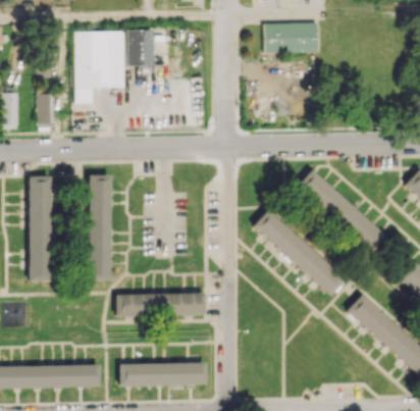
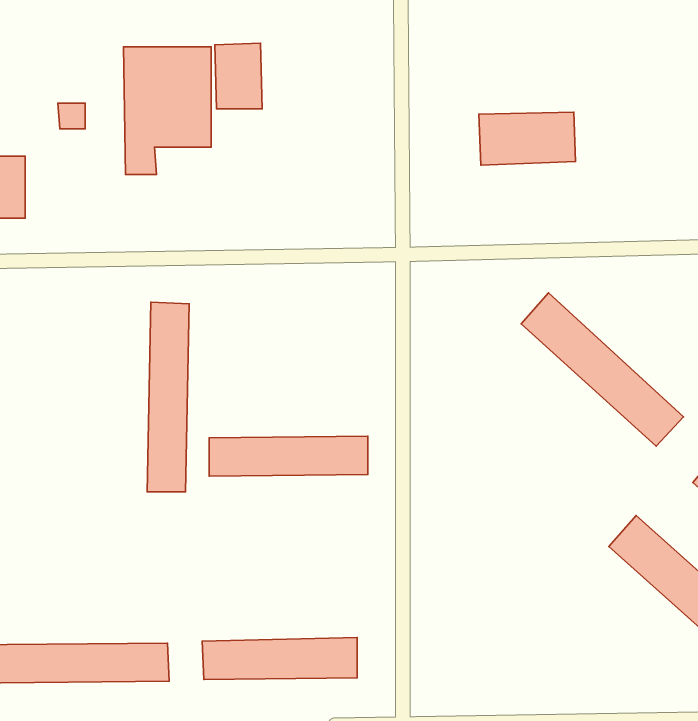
building: [264,22,318,52] -> [479,112,576,165]
building: [37,93,56,126] -> none
building: [29,175,52,281] -> none
building: [252,210,345,296] -> none
building: [116,294,205,316] -> [209,436,368,476]

